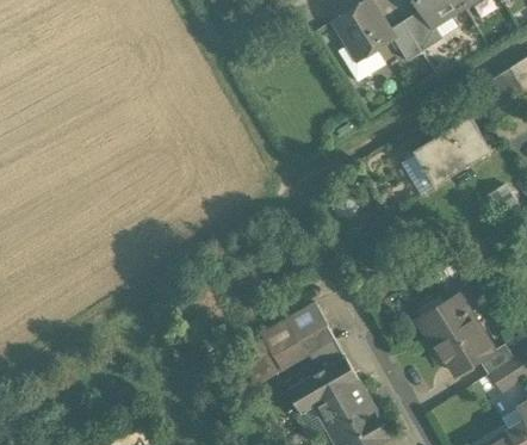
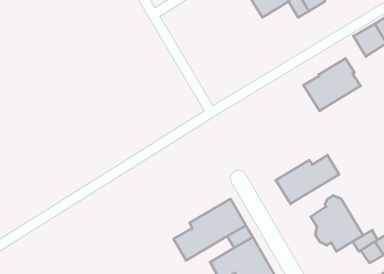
building: none -> [276,155,339,204]

